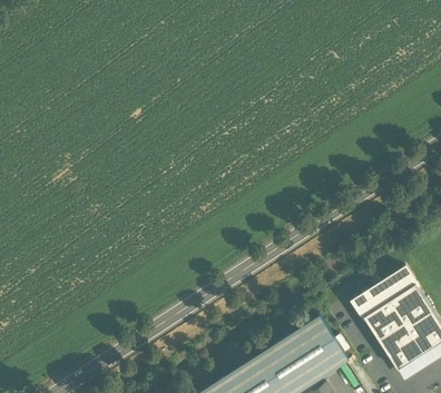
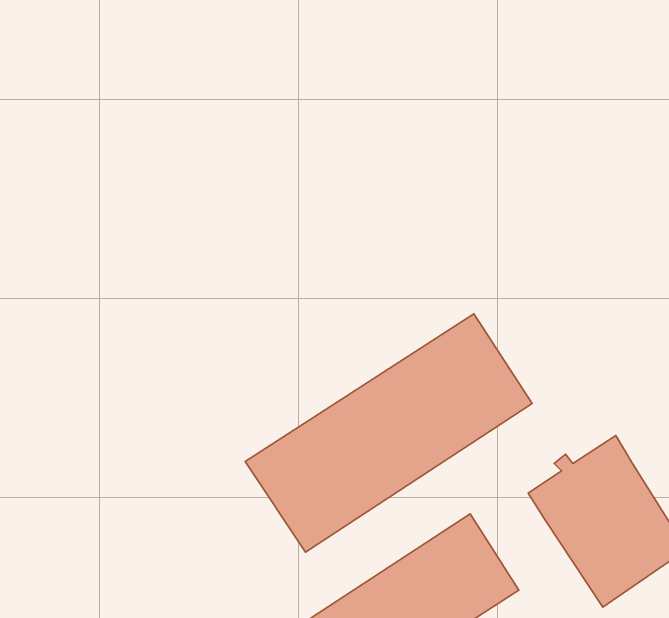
building: none -> [245,314,532,552]

